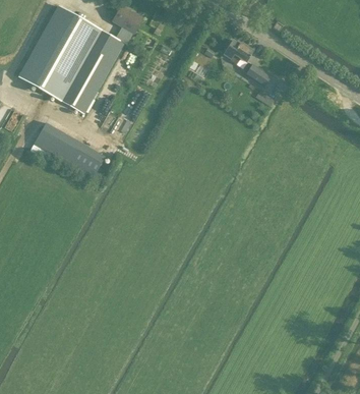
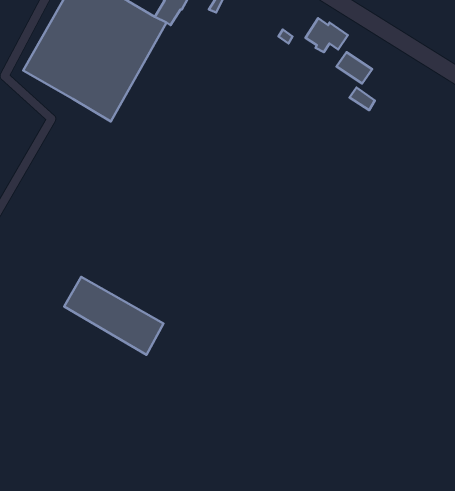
building: [34,123,105,179] -> [64,277,164,355]

